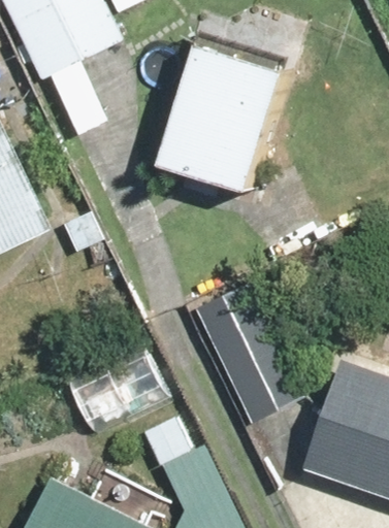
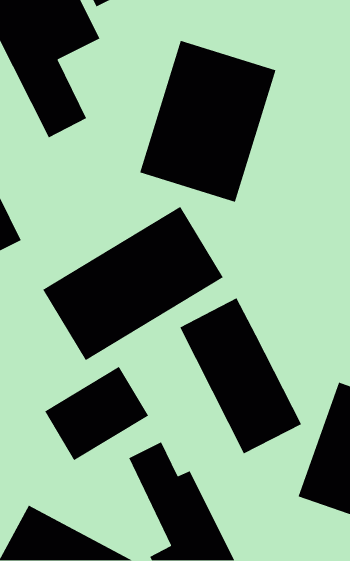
building: none -> [42,206,224,361]

